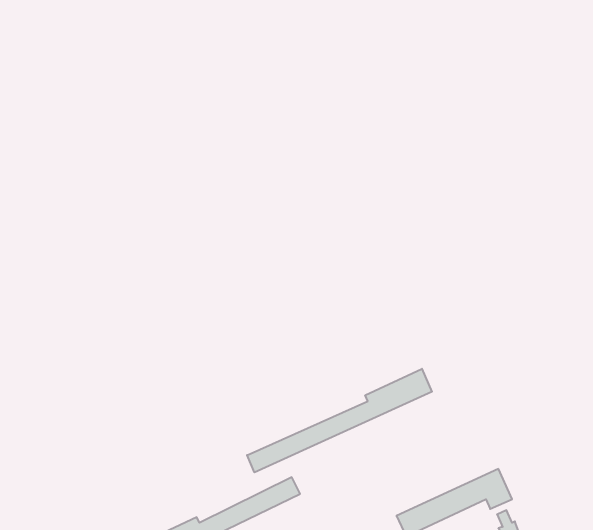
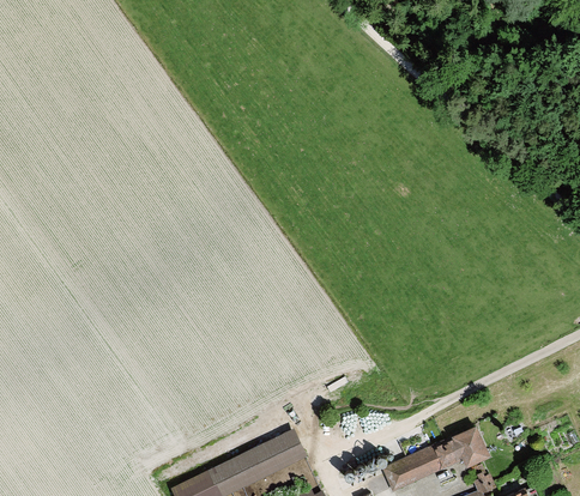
building: [247,369,432,472] -> none

